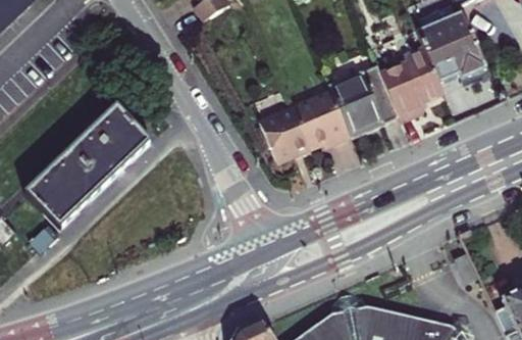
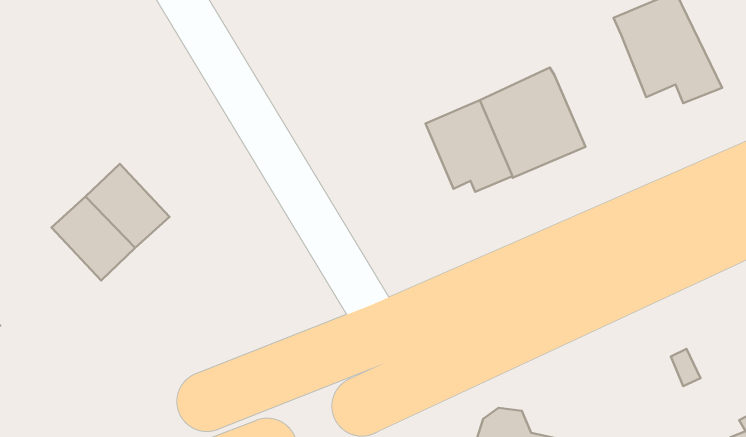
building: [377,46,441,123] -> none
building: [260,104,311,160] -> none
building: [92,109,147,165] -> none
building: [24,173,80,229] -> none

